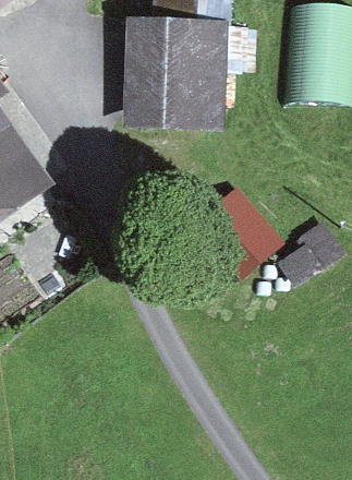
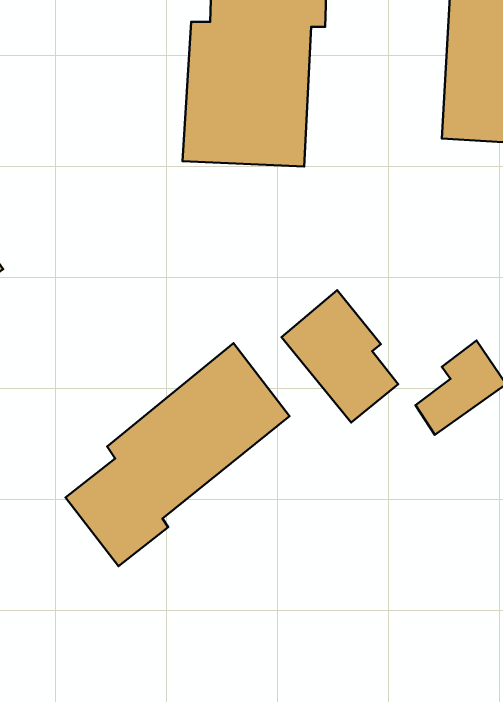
building: none -> [65,343,289,566]

